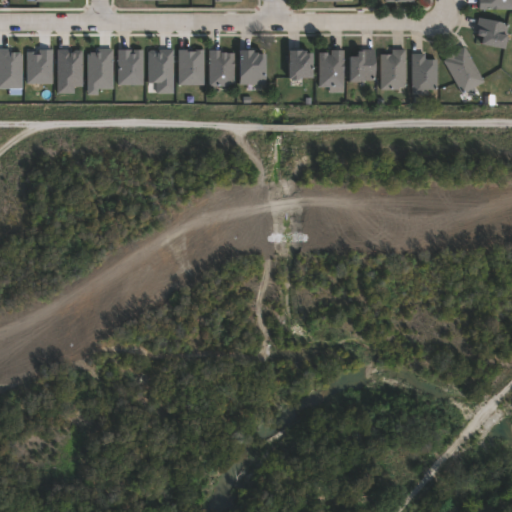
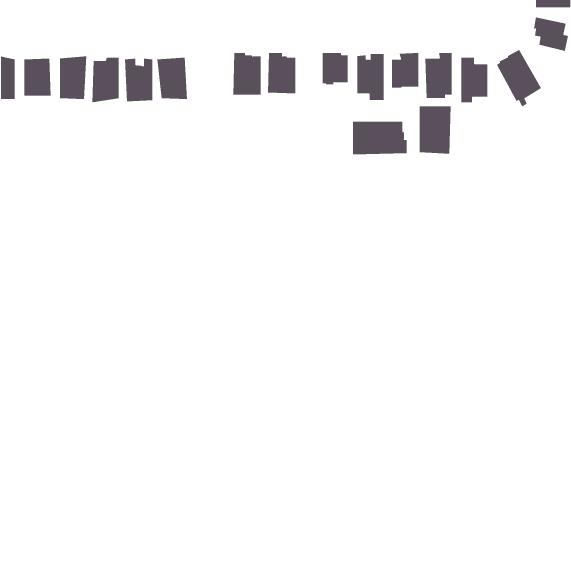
building: [172,52,202,86] -> none
building: none -> [419,106,451,154]
building: none -> [352,121,407,155]

